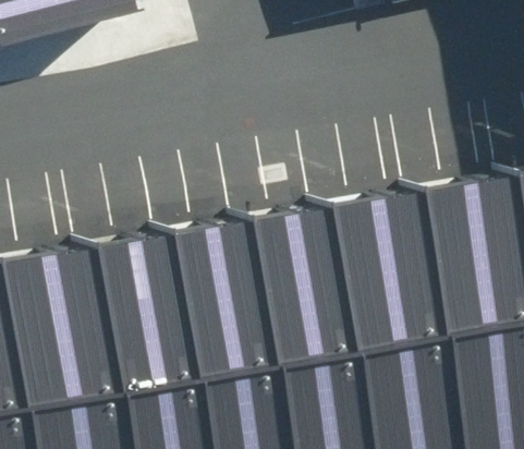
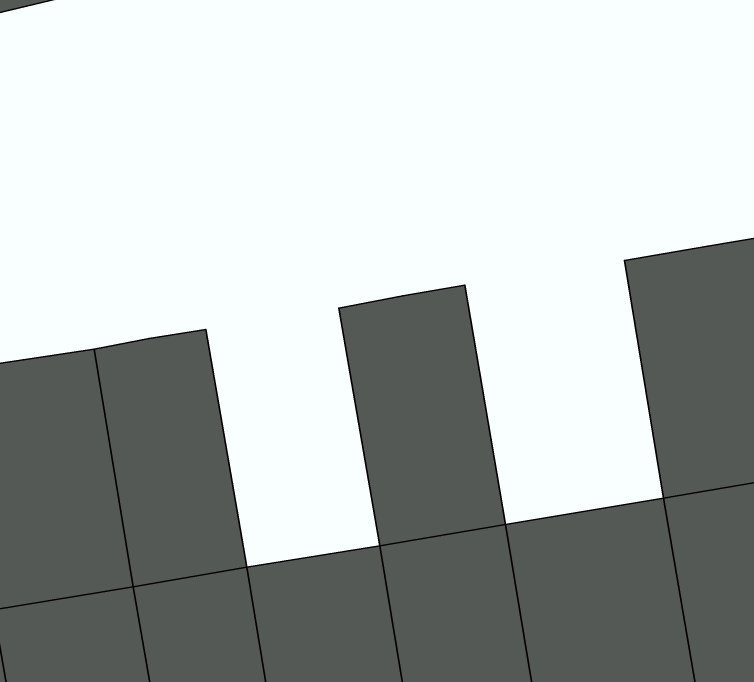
building: [312,185,434,348] -> none
building: [153,215,259,374] -> none

